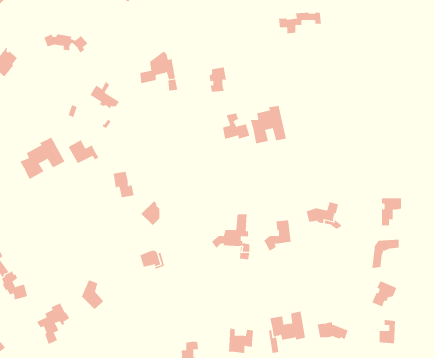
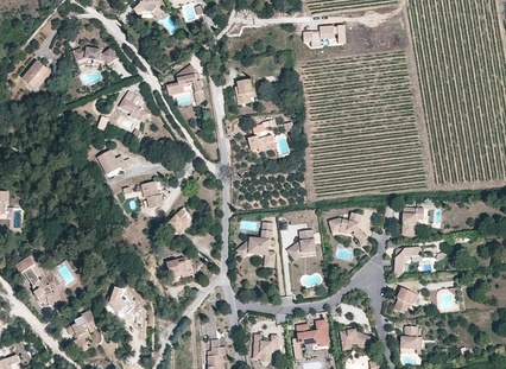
building: [250,105,287,144] -> none
building: [20,137,65,180] -> none

